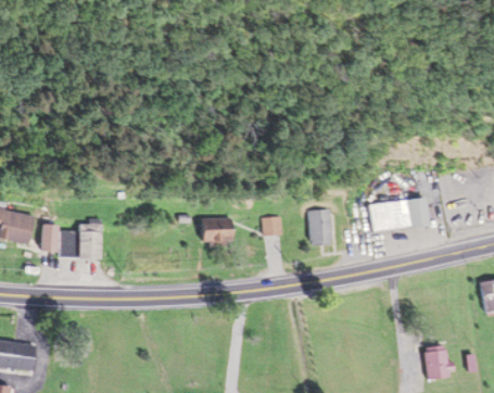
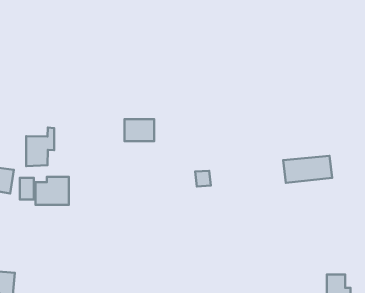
building: none -> [26,128,54,166]
building: [305,207,333,245] -> none
building: [200,217,237,244] -> [125,119,154,141]

